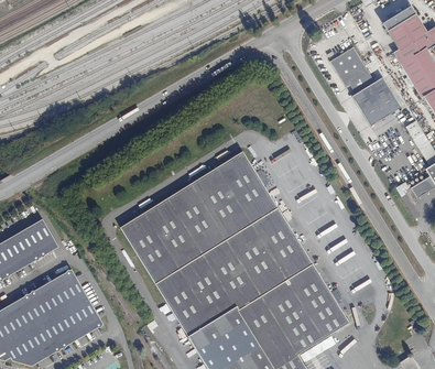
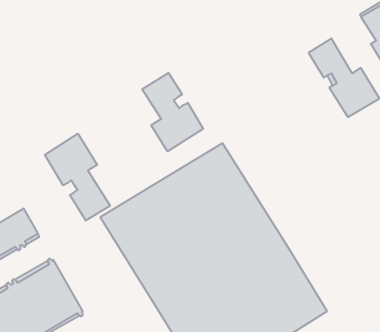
building: none -> [142,73,203,151]
building: none -> [45,134,110,221]

